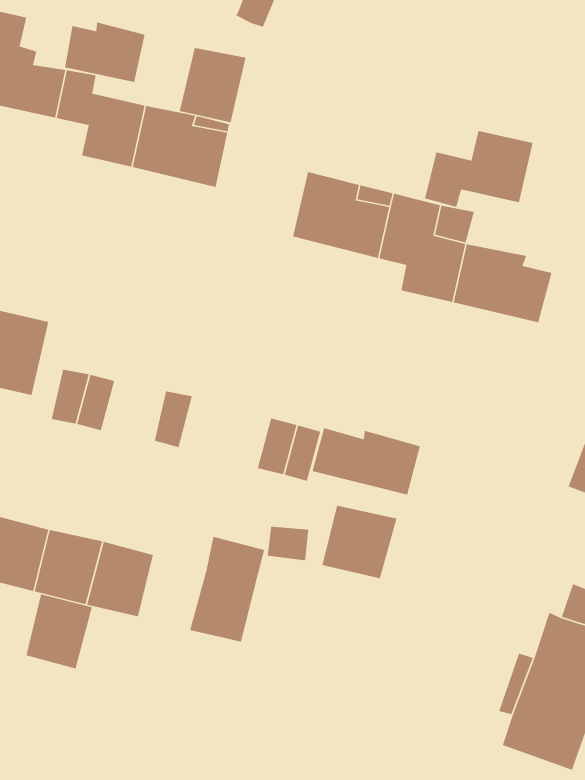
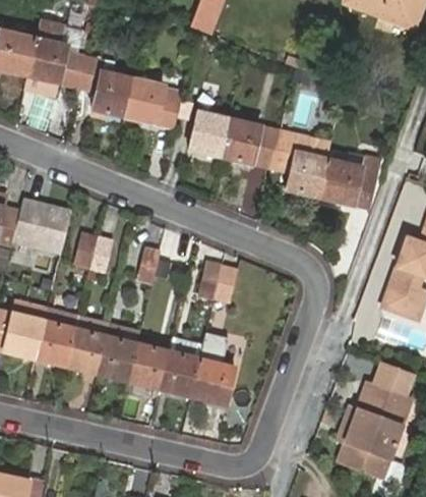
building: [64,22,146,83] -> none
building: [179,47,246,123] -> [187,110,228,156]
building: [424,130,534,208] -> none
building: [312,427,421,496] -> none
building: [321,505,397,579] -> [188,364,234,408]
building: [25,593,93,669] -> [126,347,167,393]

